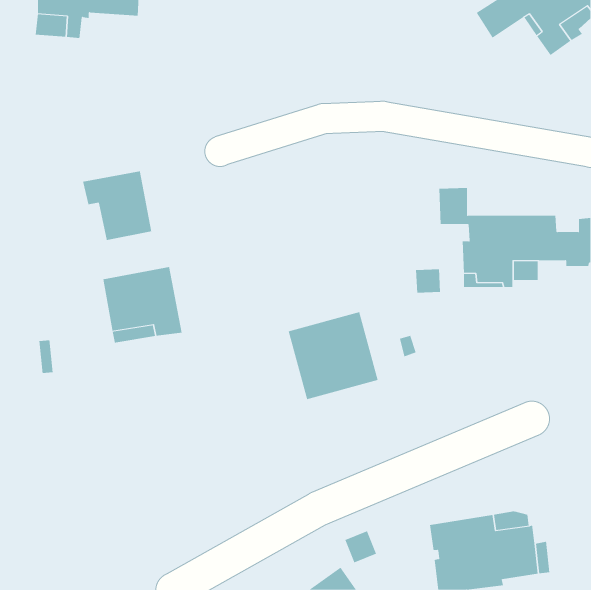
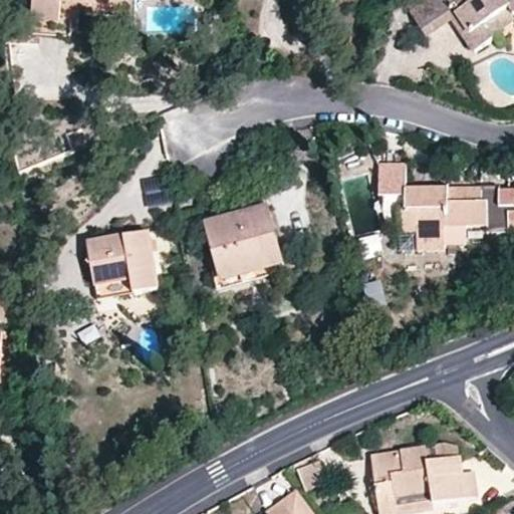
building: [82,171,152,241] -> none
building: [288,311,379,400] -> [204,203,282,279]

